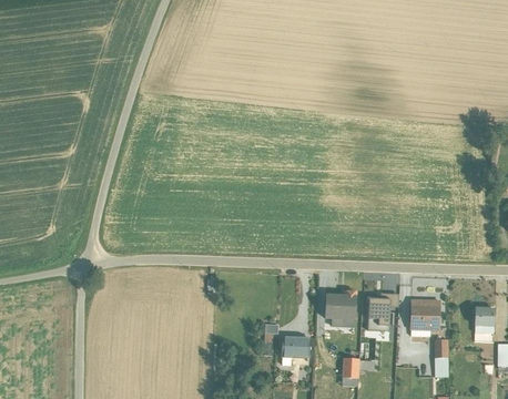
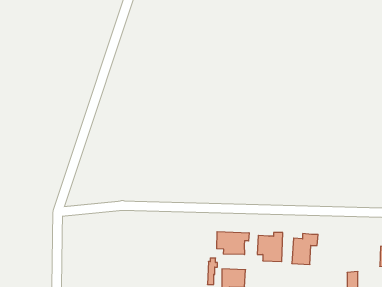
building: none -> [217,232,249,255]
building: [410,299,439,329] -> none

